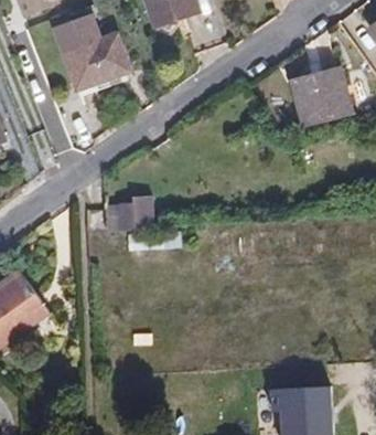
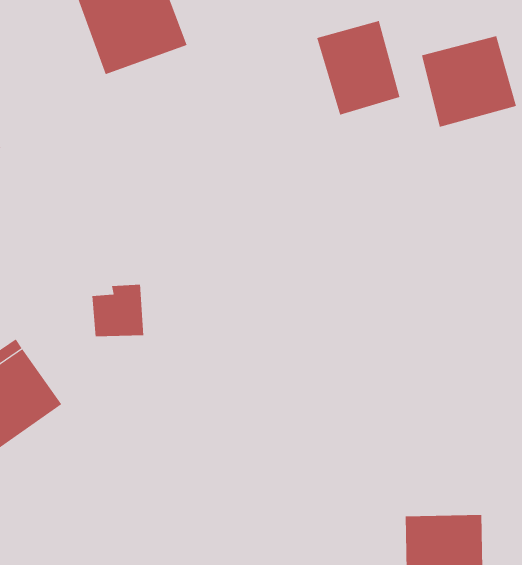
building: none -> [317,20,400,115]
building: [120,193,155,229] -> [91,284,144,337]

